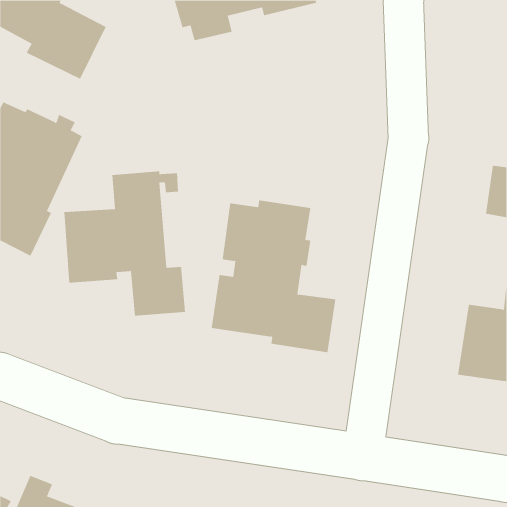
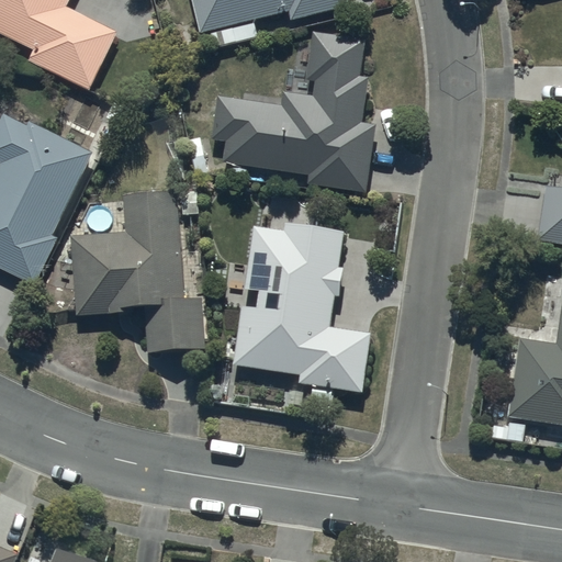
building: none -> [212,32,374,190]

